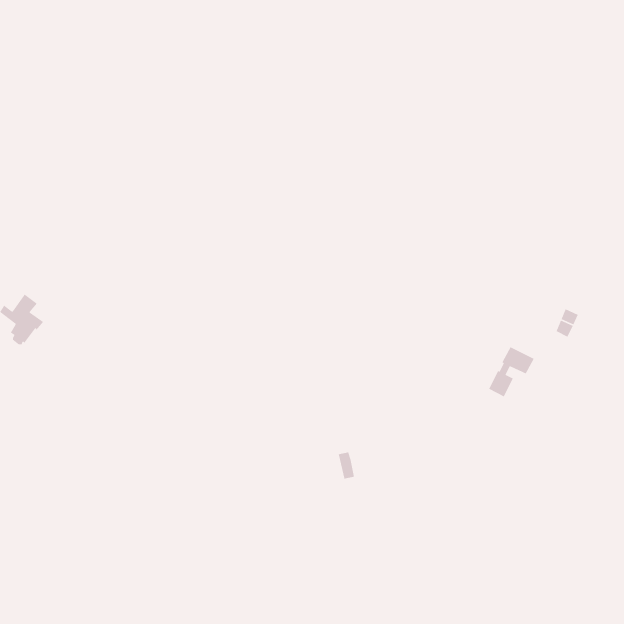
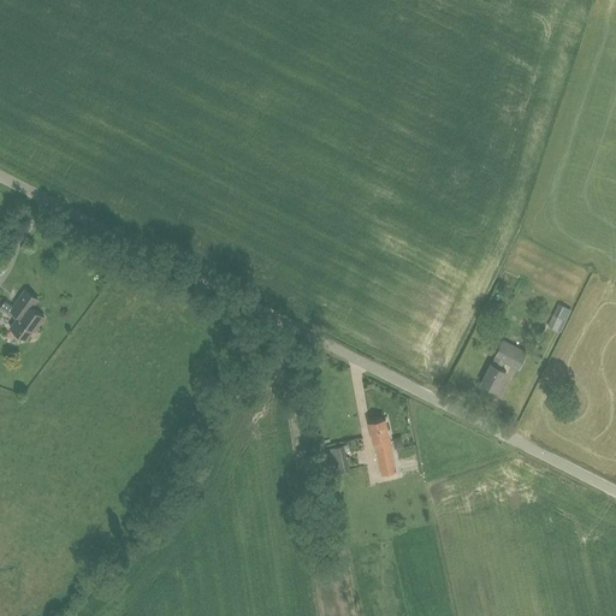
building: none -> [367,419,396,475]

